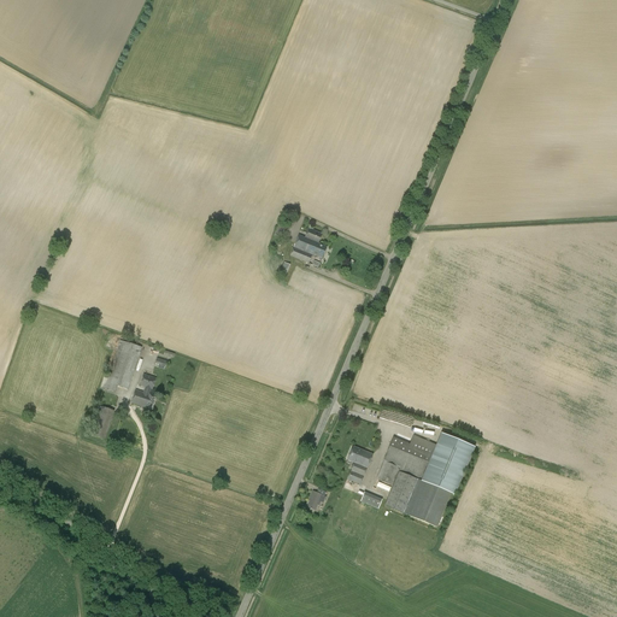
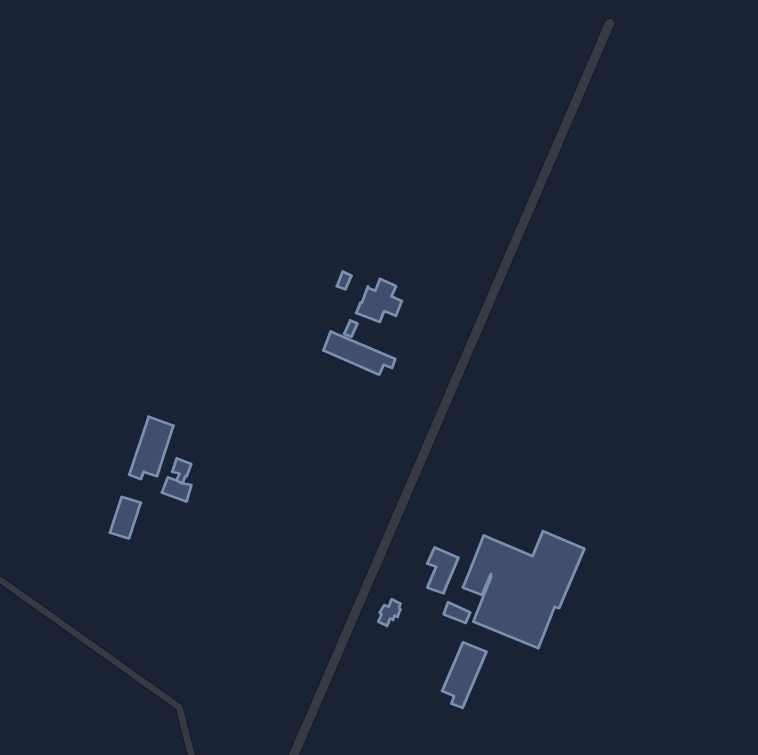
building: none -> [323,331,395,375]
building: none -> [442,642,486,708]

